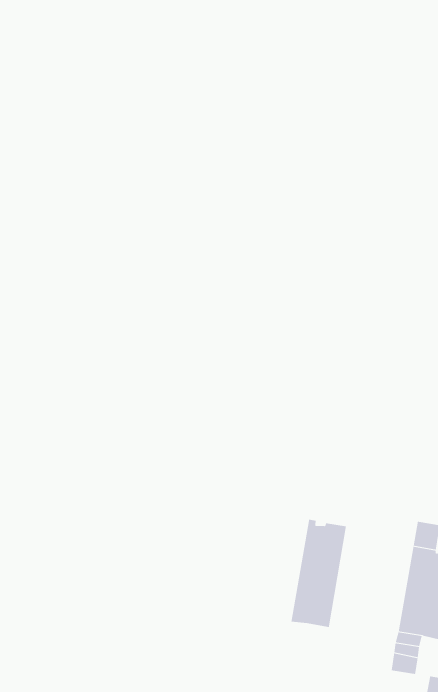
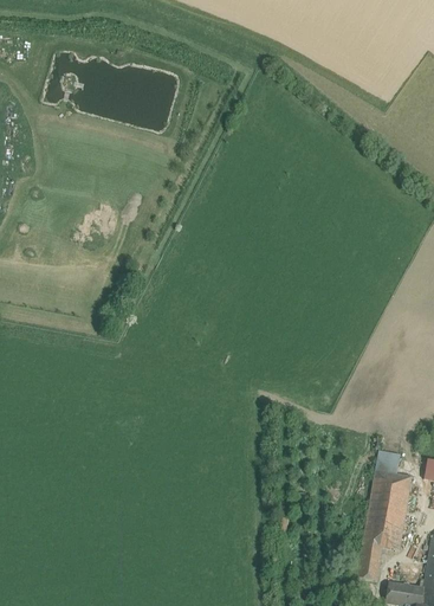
building: [291,519,347,628] -> none

